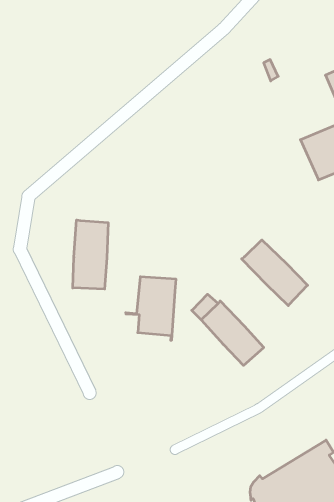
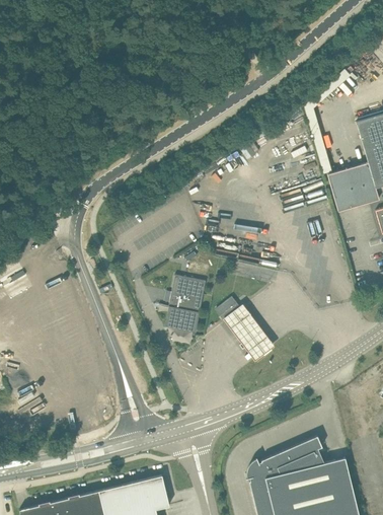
building: [73,220,108,289] -> none
building: [242,240,308,306] -> none

